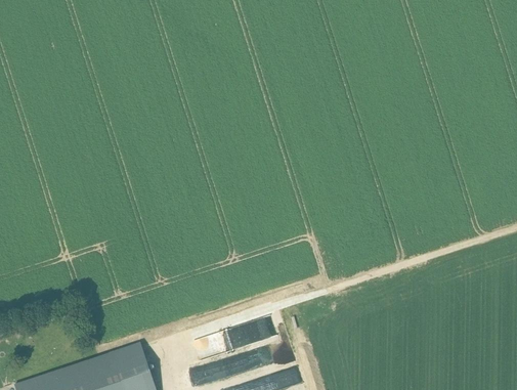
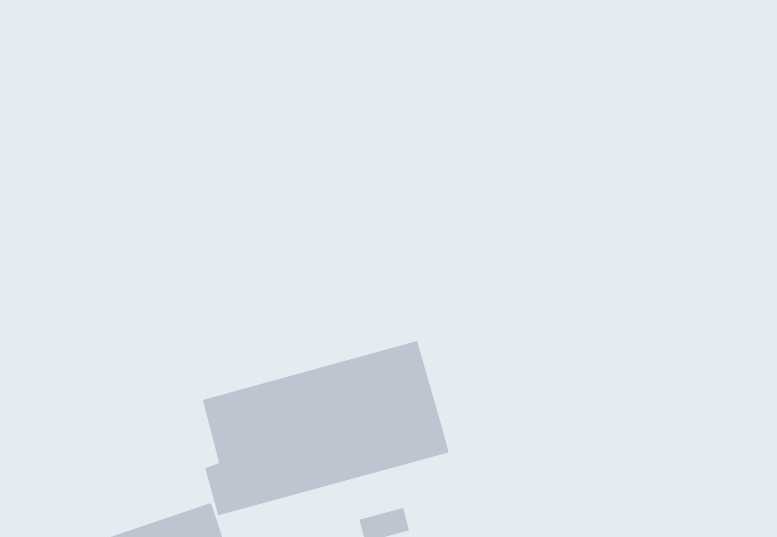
building: none -> [202,340,449,516]

